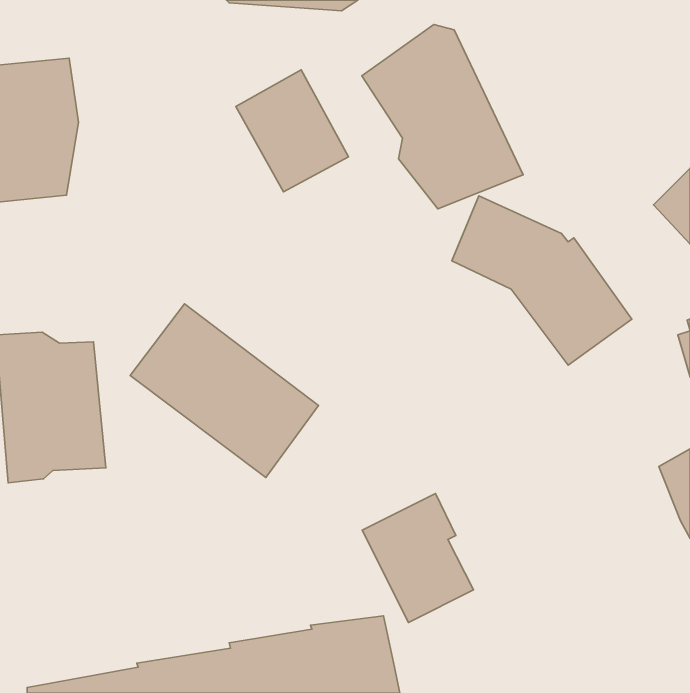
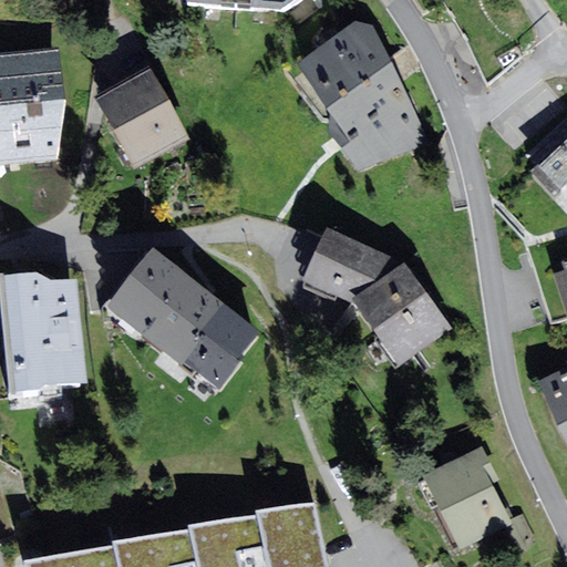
building: [236,70,348,192] -> [95,68,187,167]
building: [452,196,632,365] -> [303,227,451,365]
building: [362,494,473,622] -> [421,445,512,550]

